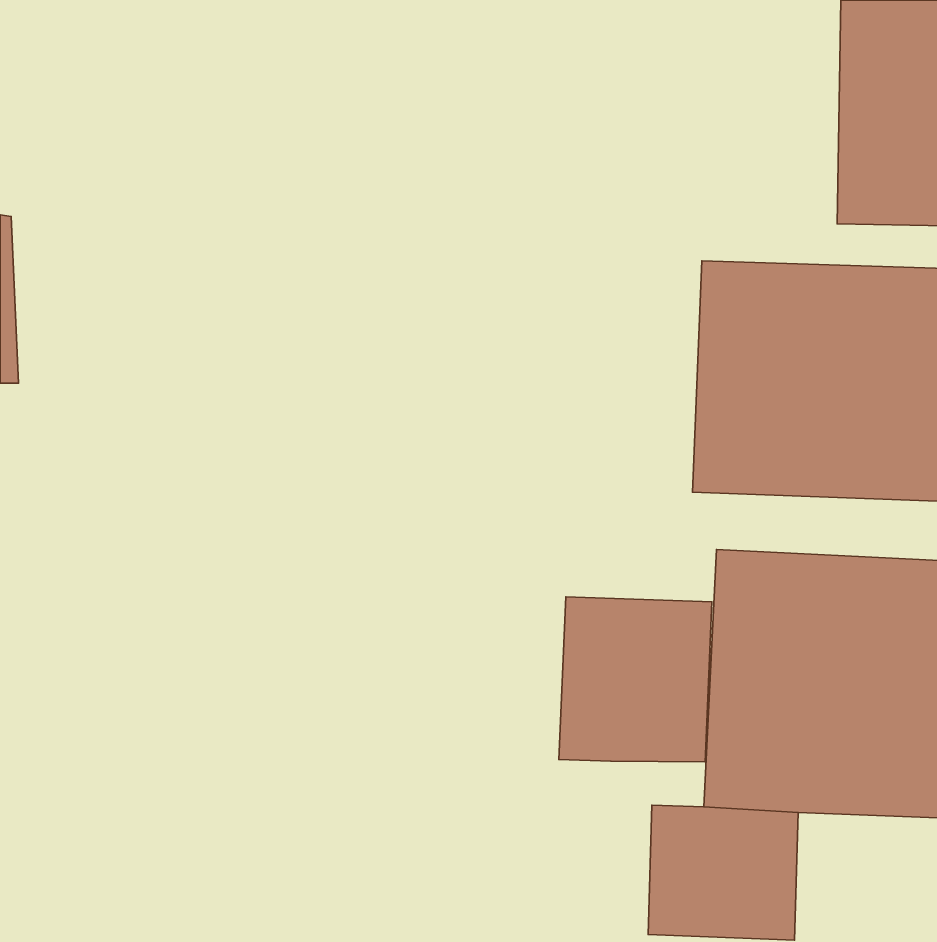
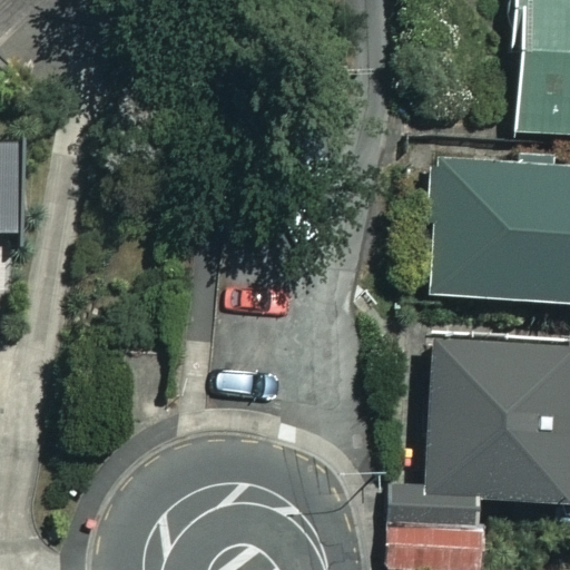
building: [559,597,712,762] -> none

